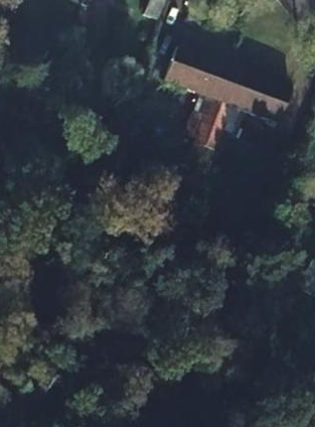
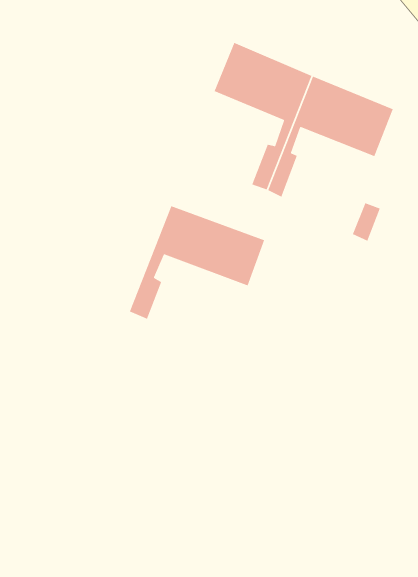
building: none -> [129,205,265,320]

